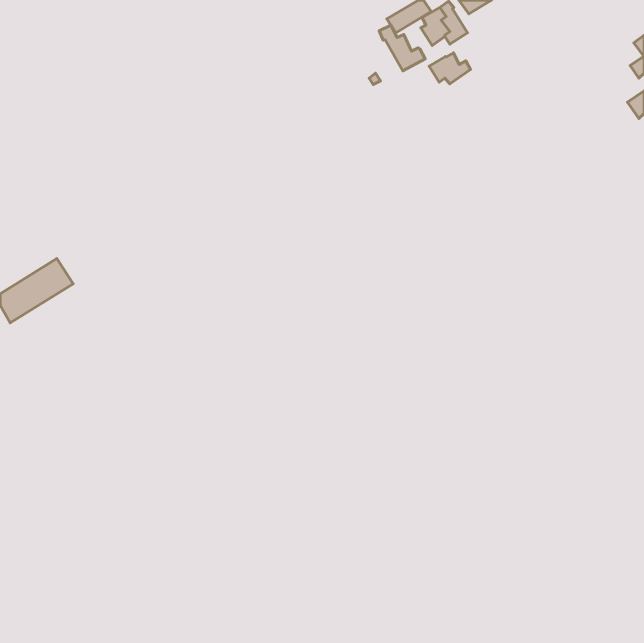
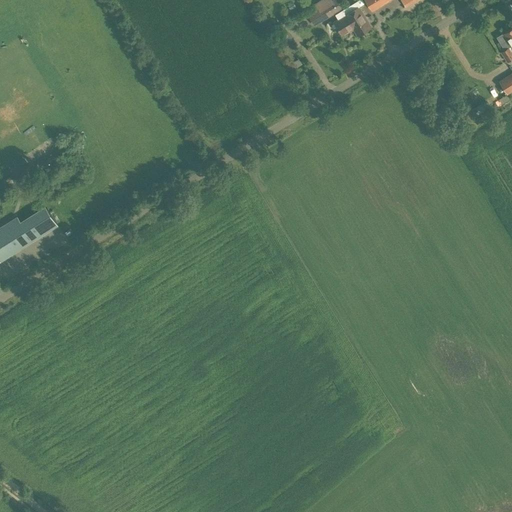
building: [379,25,425,71] -> none
building: [429,53,471,84] -> none

